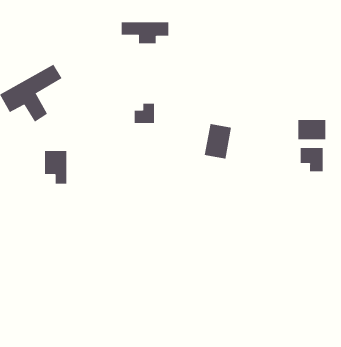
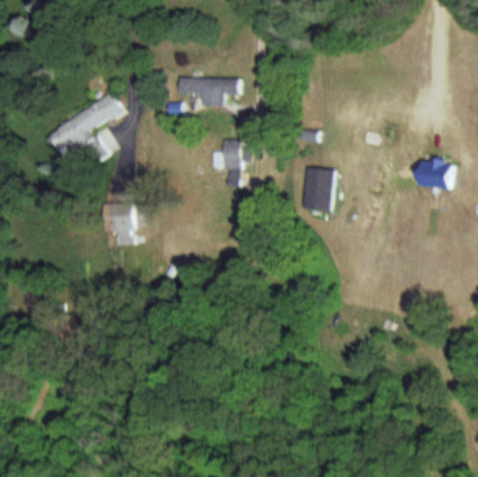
building: [121,22,169,44] -> [179,78,239,106]
building: [300,147,323,172] -> none

